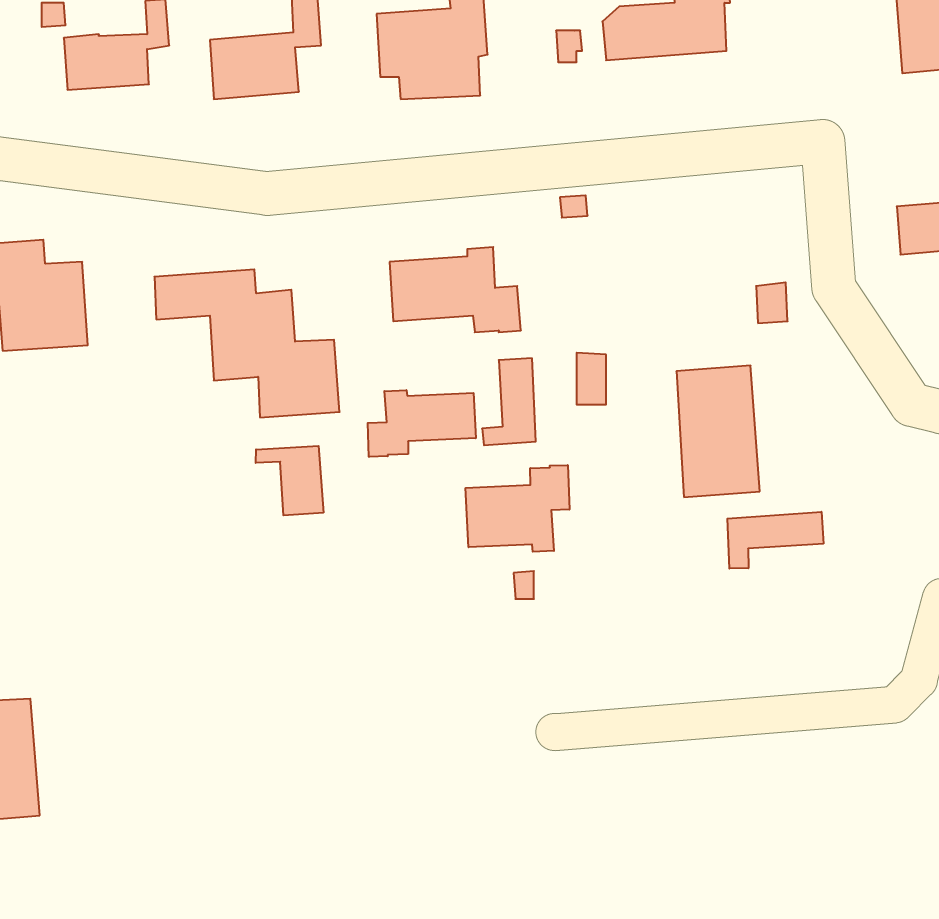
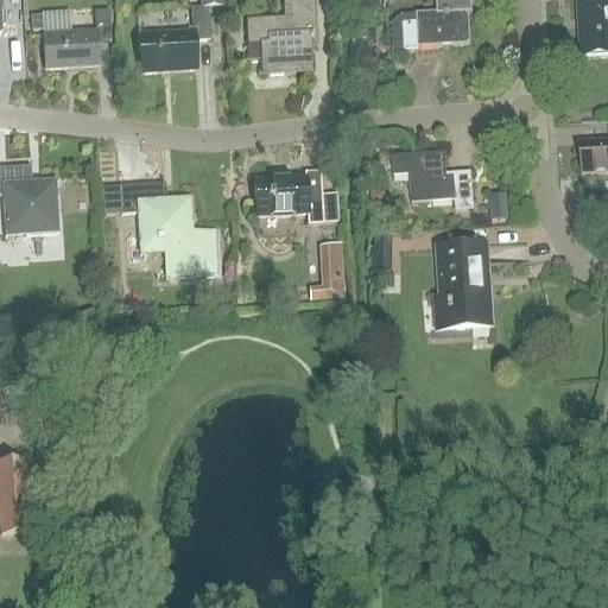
building: none -> [392,150,473,207]
building: [368,390,476,457] -> none
building: [256,446,323,515] -> none
building: [466,465,569,552] -> none
building: [727,512,823,569] -> none

